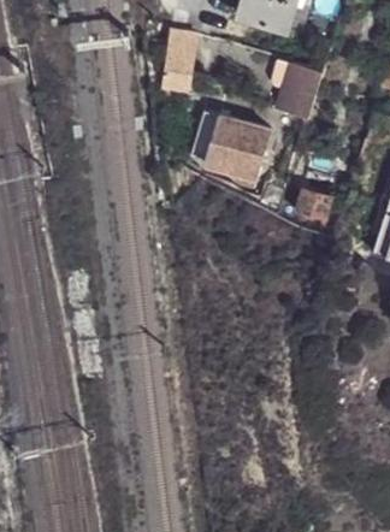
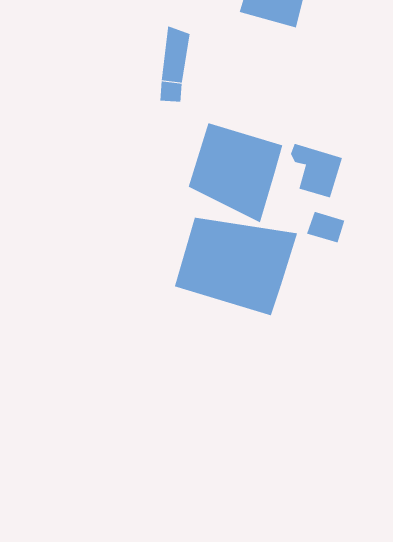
building: [276,57,323,106] -> [290,143,343,198]
building: none -> [174,217,298,316]

